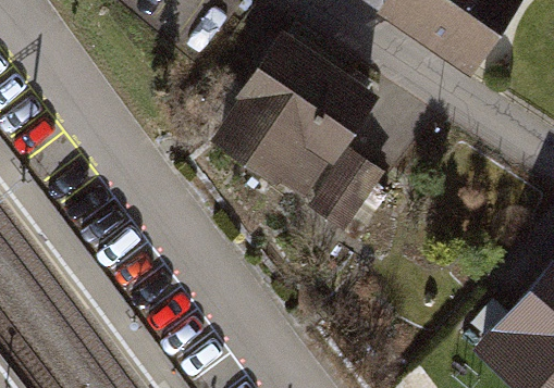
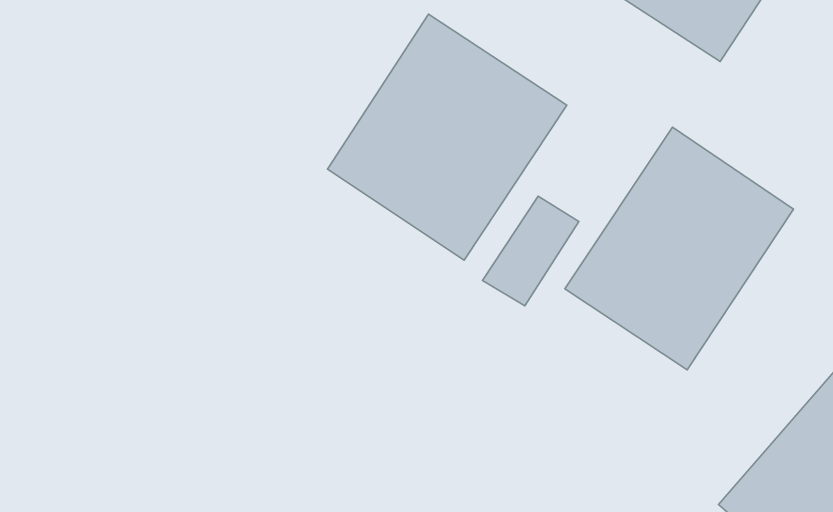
building: none -> [565,127,794,370]

